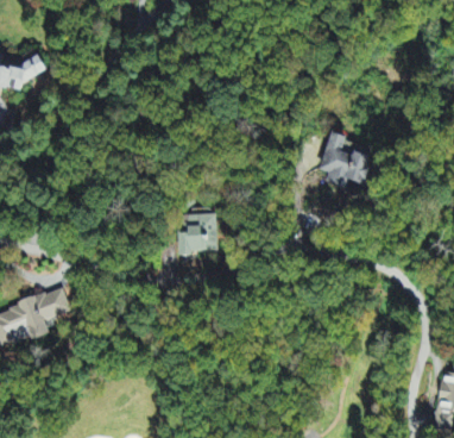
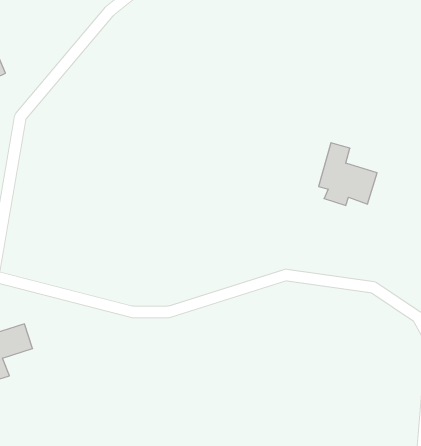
building: [177,213,216,252] -> none

